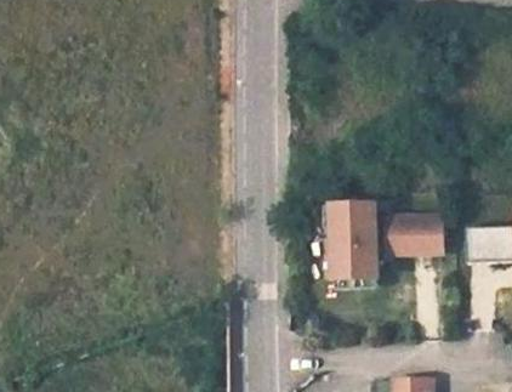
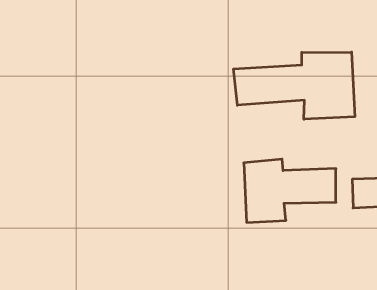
building: none -> [234,52,355,119]

